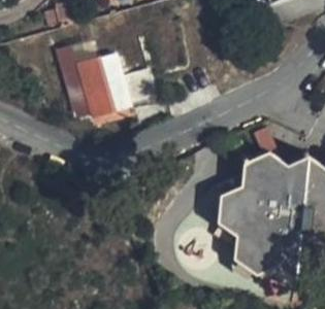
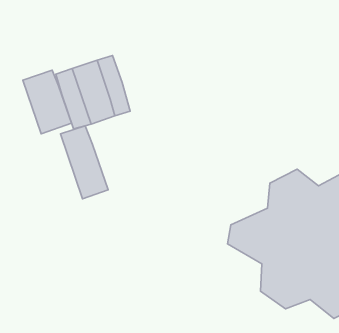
building: none -> [23,70,72,134]
building: none -> [61,126,108,199]

